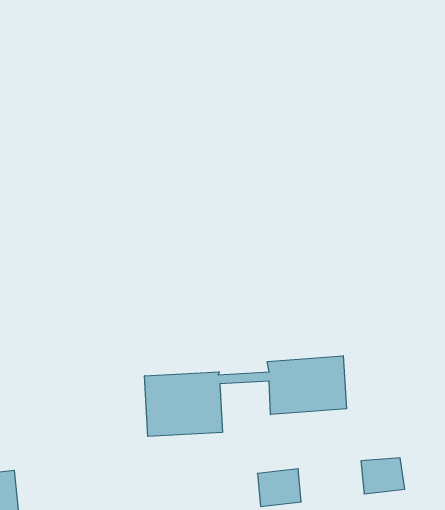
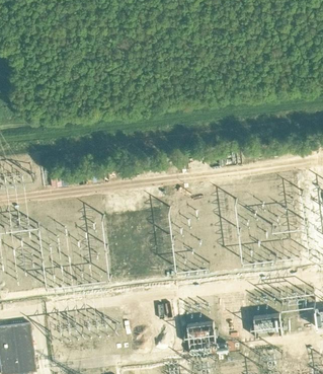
building: [145,356,347,436] -> none

